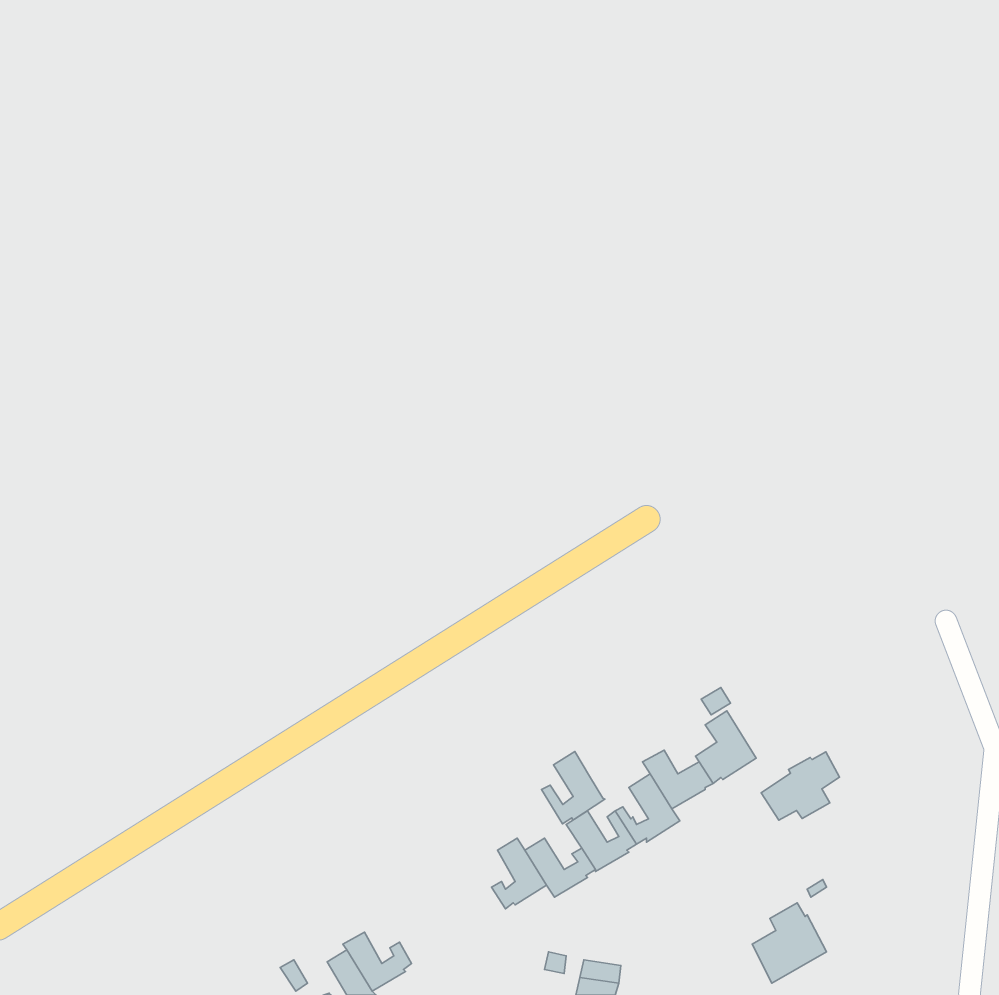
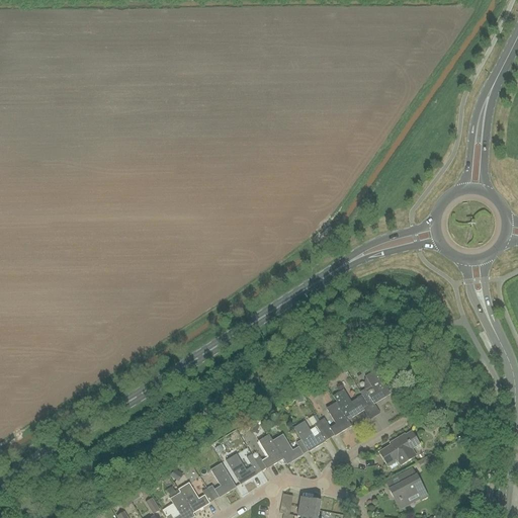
building: [542,752,605,824] -> none
building: [761,752,840,820] -> [378,429,419,464]
building: none -> [225,452,261,484]
building: none -> [206,461,235,498]

